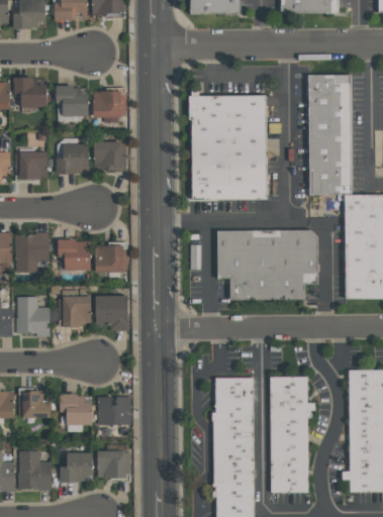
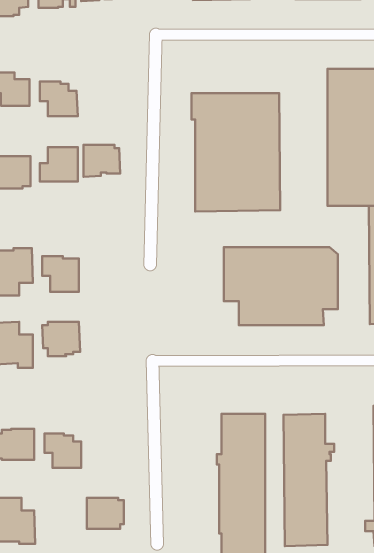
building: [93,91,126,117] -> none
building: [95,244,127,272] -> none
building: [95,295,128,330] -> none
building: [98,396,130,424] -> none
building: [60,452,92,482] -> none

